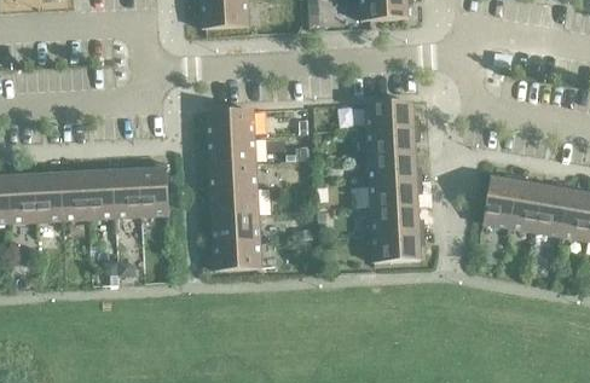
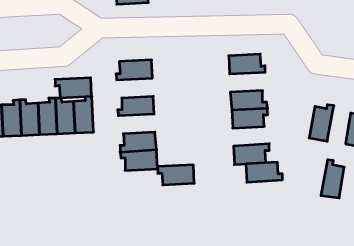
building: [368,127,421,156] -> none
building: [203,135,256,164] -> [55,78,92,98]
building: [510,175,544,231] -> [321,160,344,198]
building: [206,187,259,216] -> [158,165,194,185]
building: [372,205,426,234] -> [246,162,282,182]

